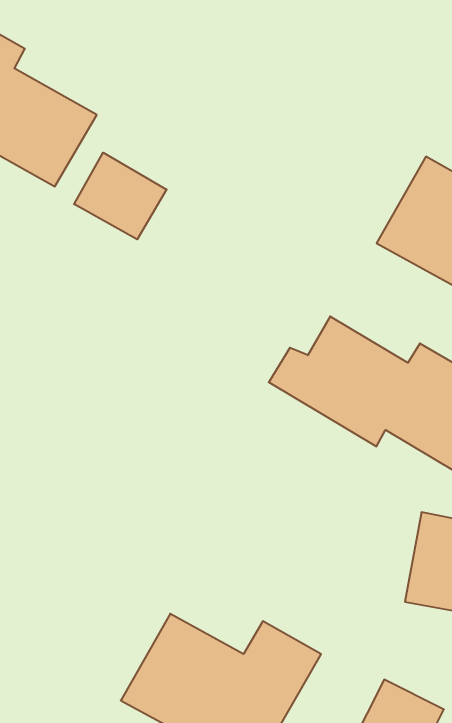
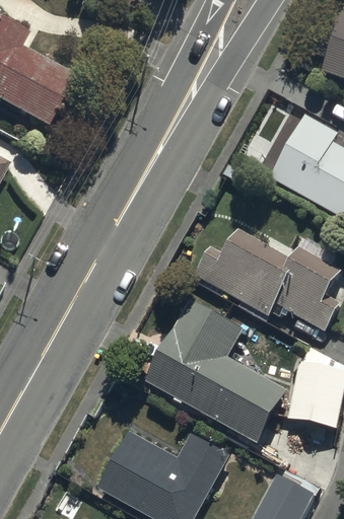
building: [74,153,167,239] -> none
building: none -> [143,294,288,441]

